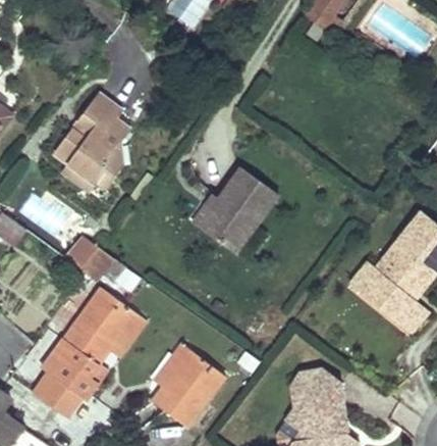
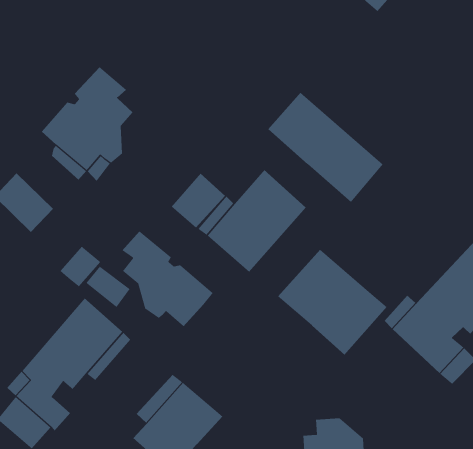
building: none -> [268,92,383,203]
building: none -> [171,173,226,229]
building: none -> [121,231,213,327]
building: none -> [277,249,387,356]

